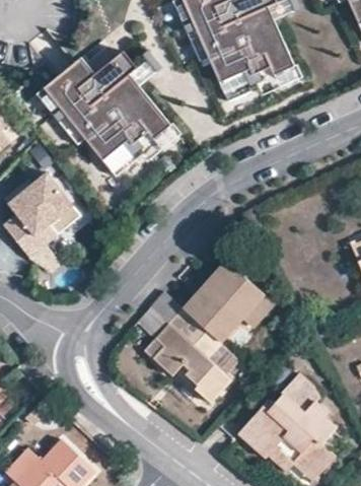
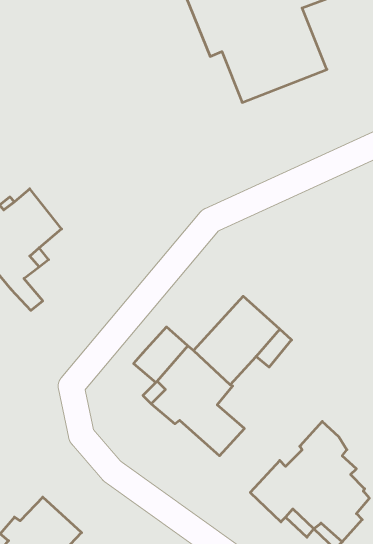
building: [37,51,176,176] -> none

